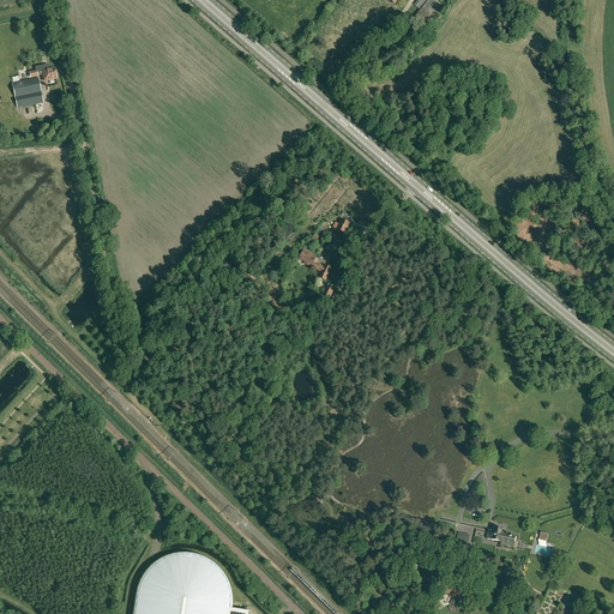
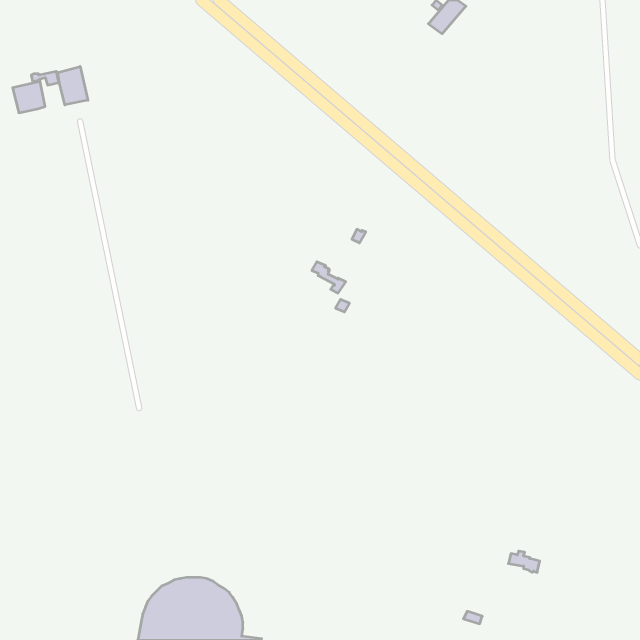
building: none -> [58,66,88,105]

